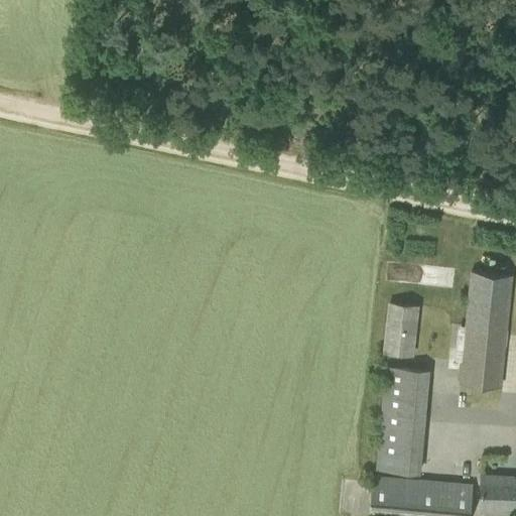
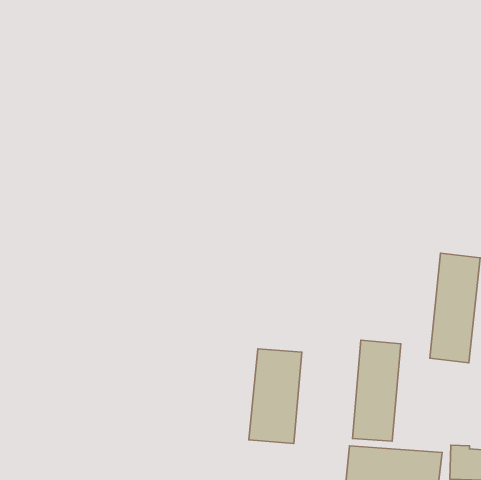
building: [383,303,421,359] -> none
building: none -> [249,349,302,443]

